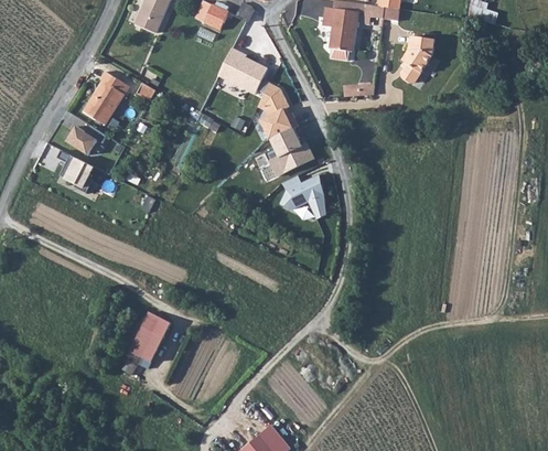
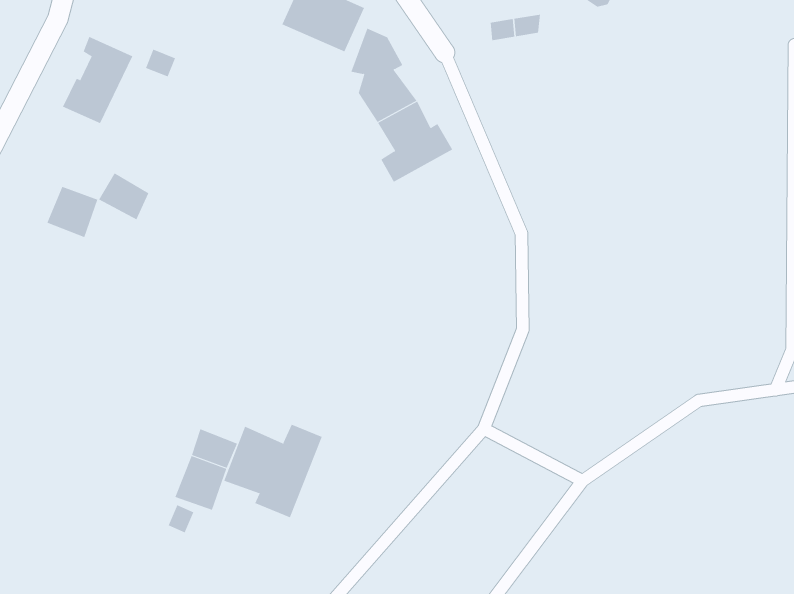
building: [69,128,100,158] -> [98,172,149,220]
building: [278,175,324,219] -> none
building: none -> [223,424,322,518]

